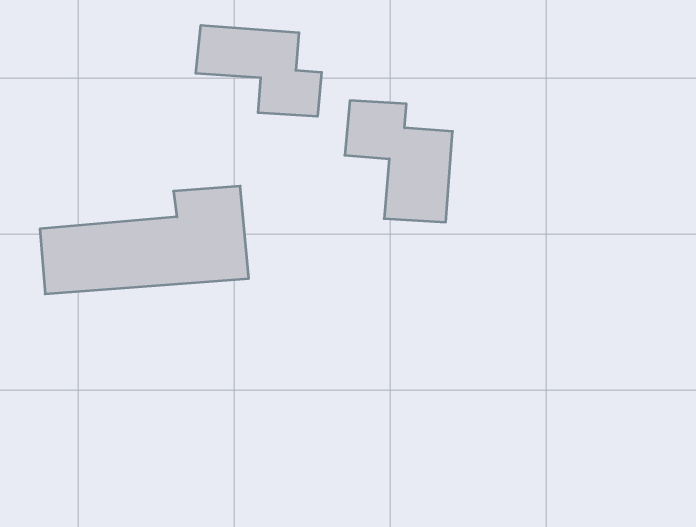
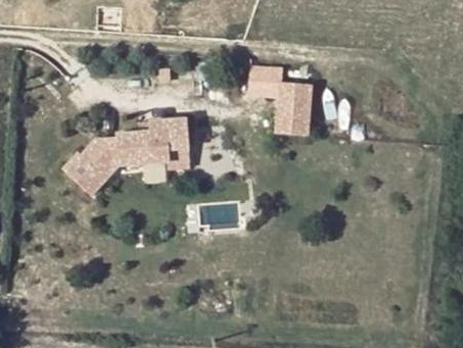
building: [196,25,322,116] -> none

